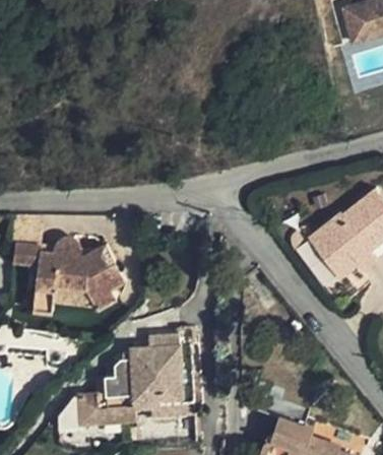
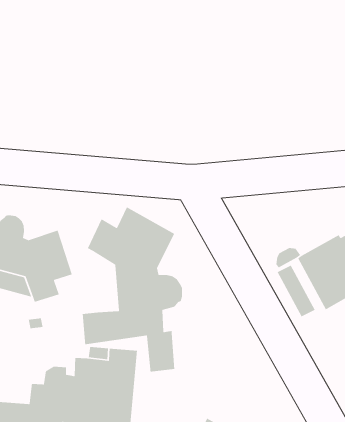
building: none -> [82,206,183,372]

